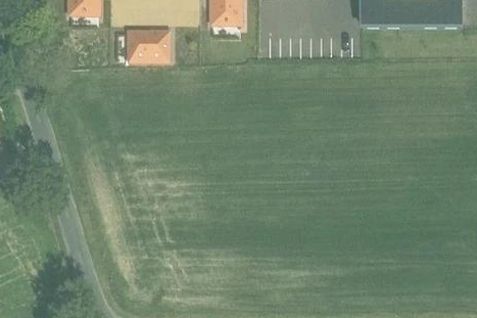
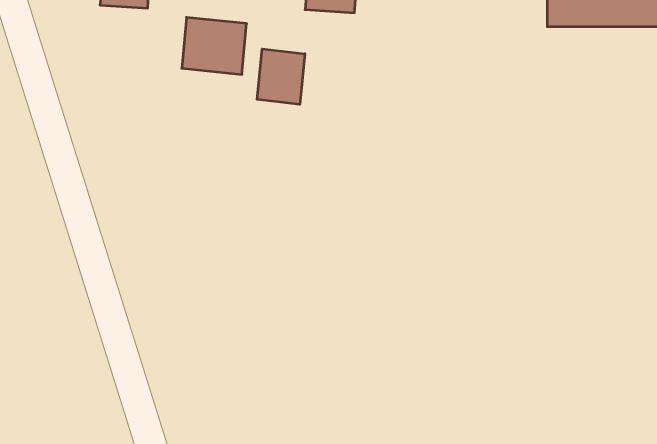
building: none -> [257,49,305,104]

